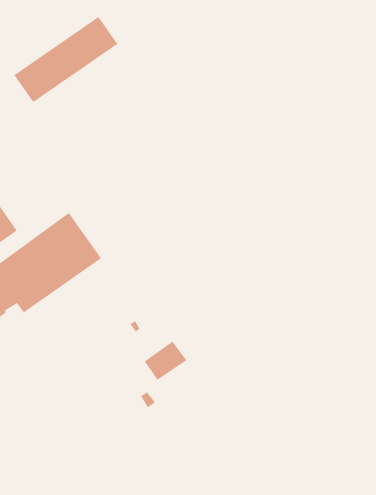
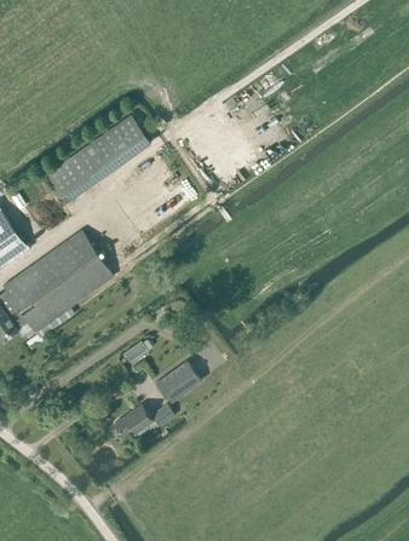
building: [14,16,118,103] -> [45,115,150,202]
building: none -> [113,403,151,433]

